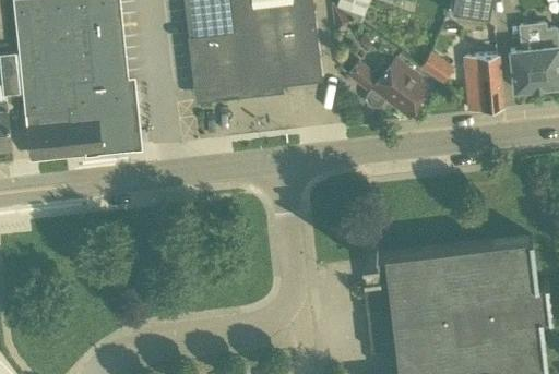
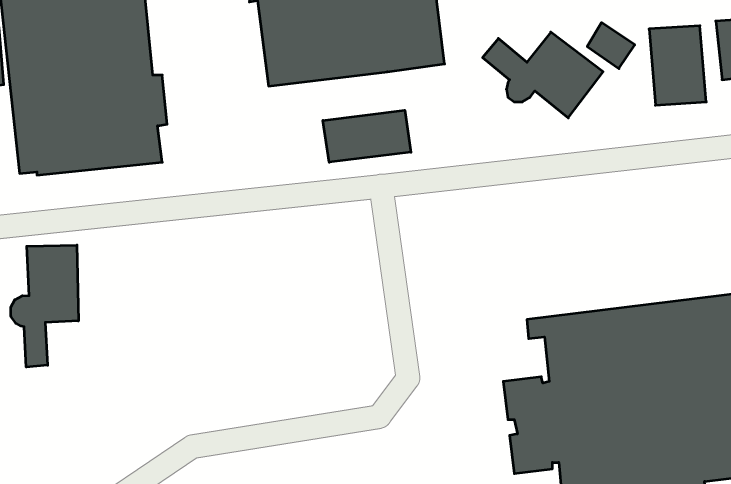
building: none -> [323,110,411,162]
building: none -> [11,245,78,367]

